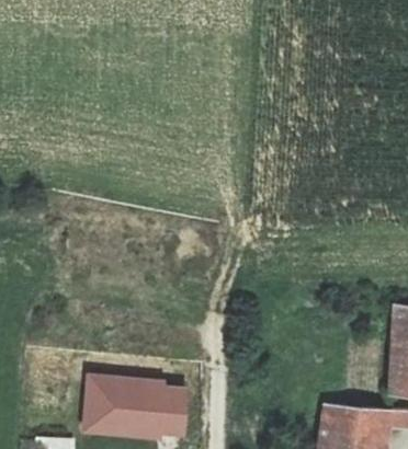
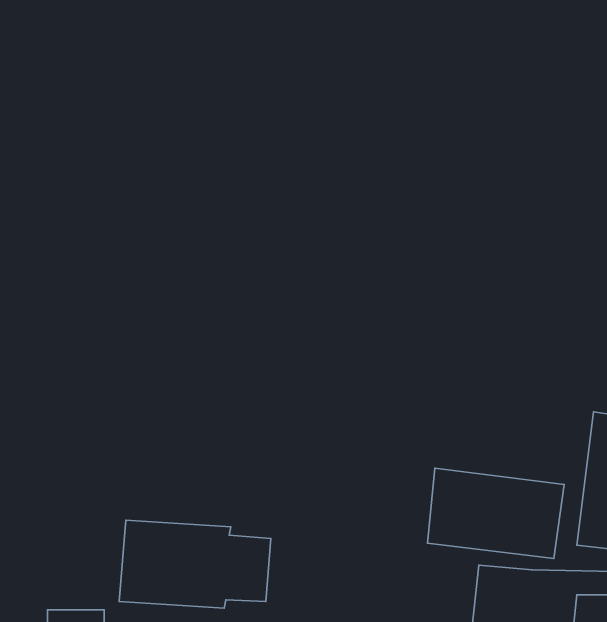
building: none -> [428,468,564,558]

